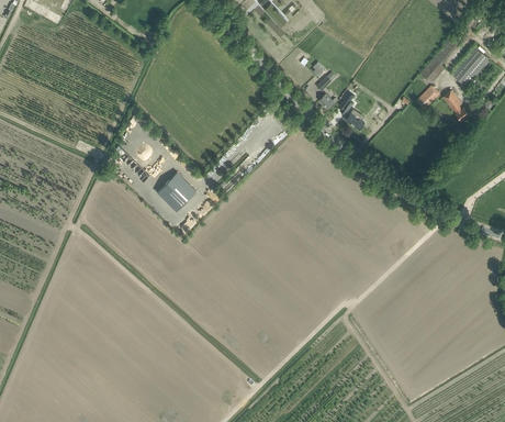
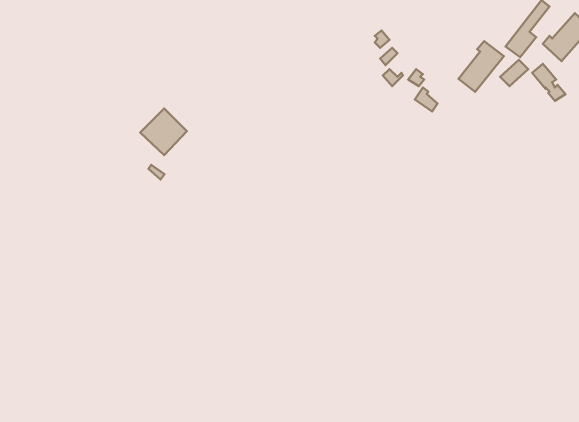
building: none -> [458,41,504,92]
building: [157,173,195,211] -> [140,108,187,155]

